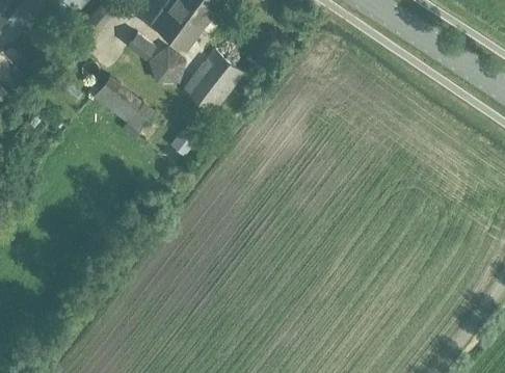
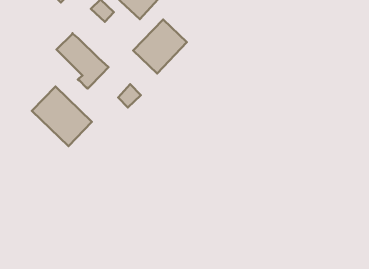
building: [148,49,180,80] -> none
building: none -> [32,86,92,146]

